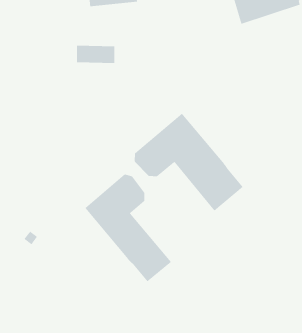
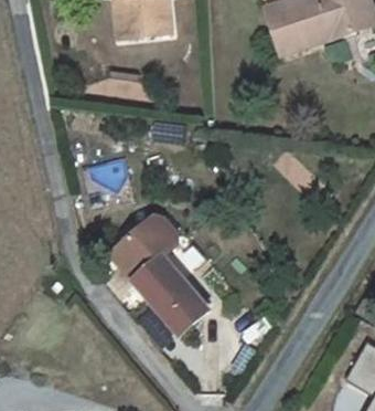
building: [134,113,243,212] -> none

